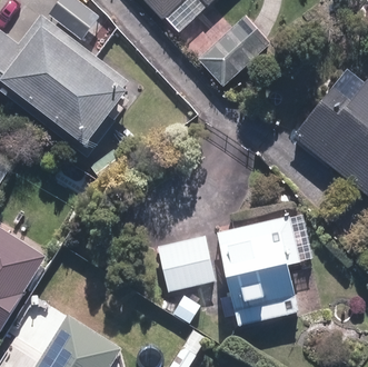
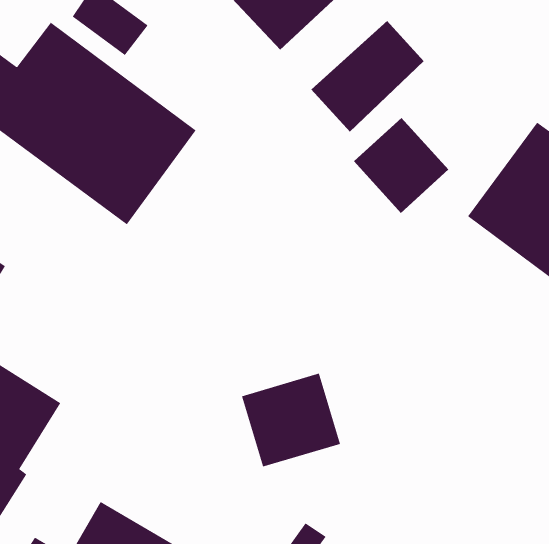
building: none -> [353,117,449,214]
building: [216,214,315,329] -> none

